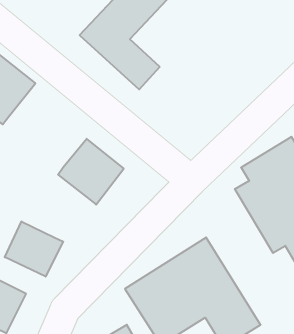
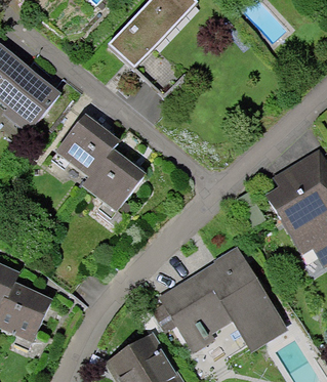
building: none -> [57,113,120,176]
building: [5,221,63,277] -> none

